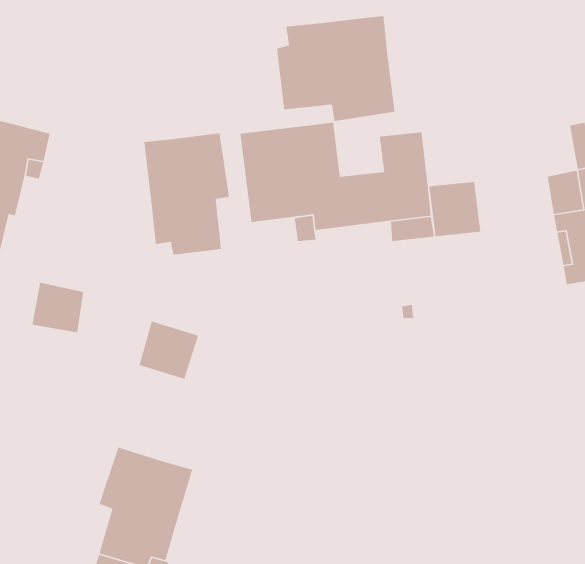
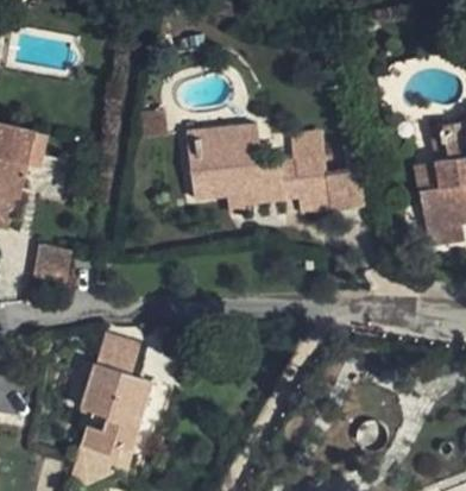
building: [276,15,396,122] -> none
building: [143,132,230,255] -> none
building: [138,321,199,380] -> [95,332,140,376]

